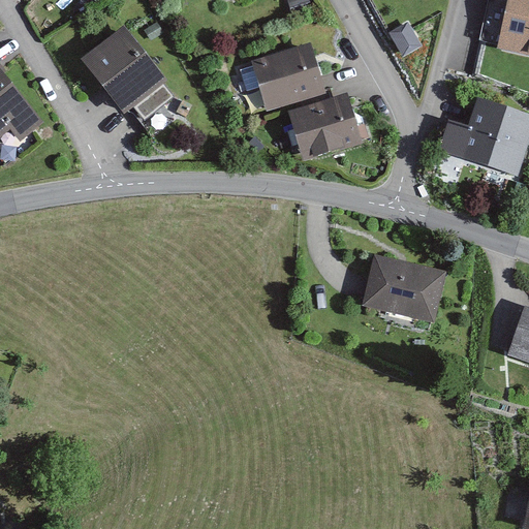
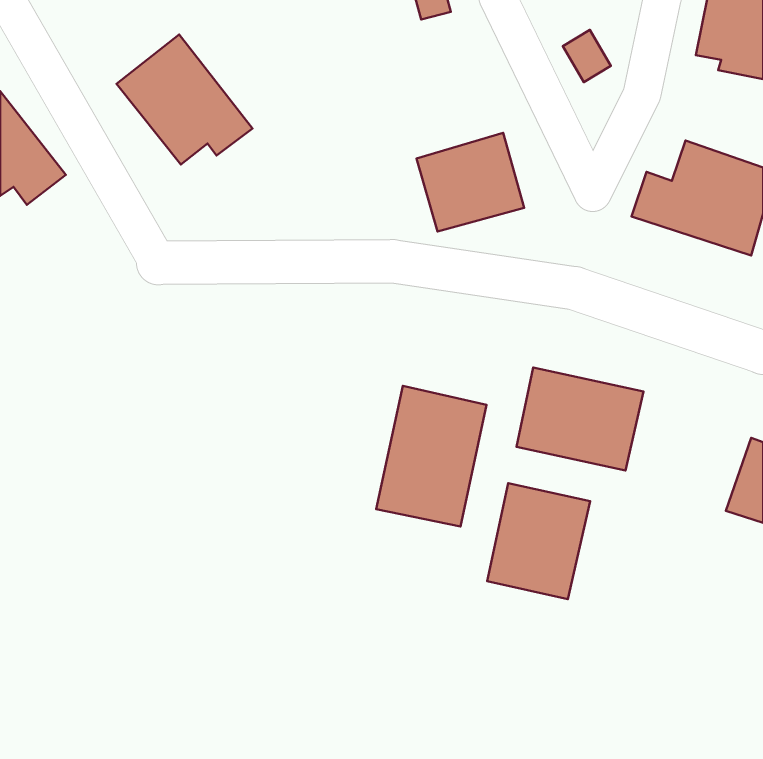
building: [253,41,326,110] -> none
building: none -> [376,386,486,527]
building: none -> [487,483,590,599]

